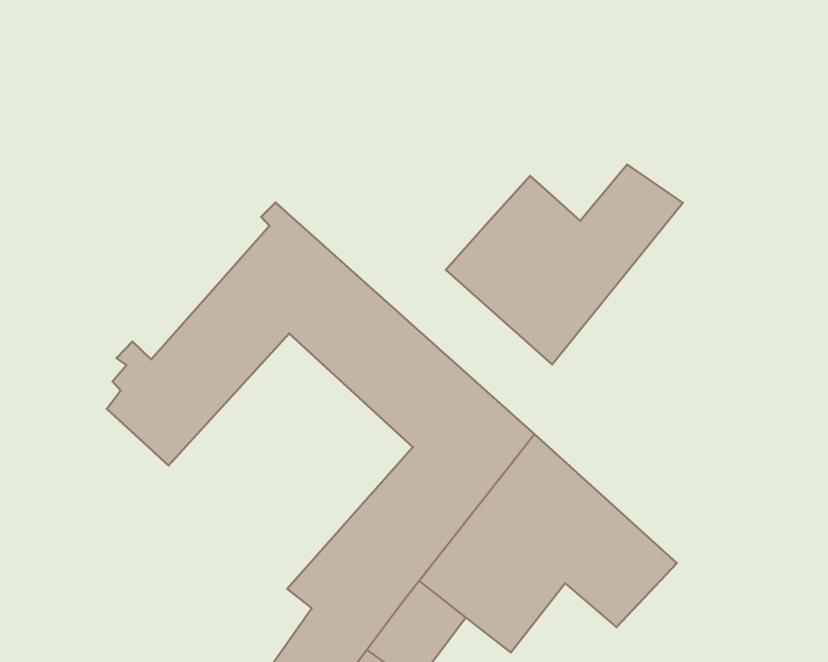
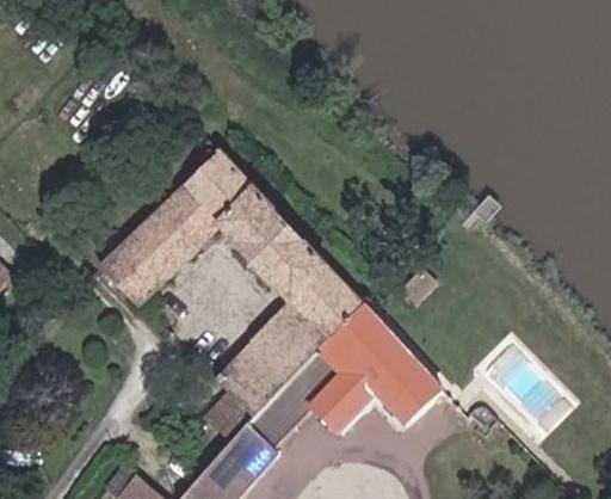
building: [446,165,683,365] -> none

